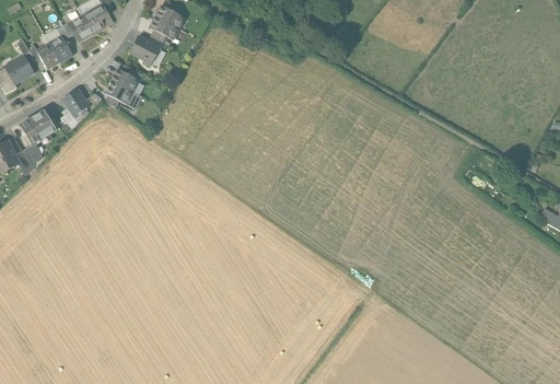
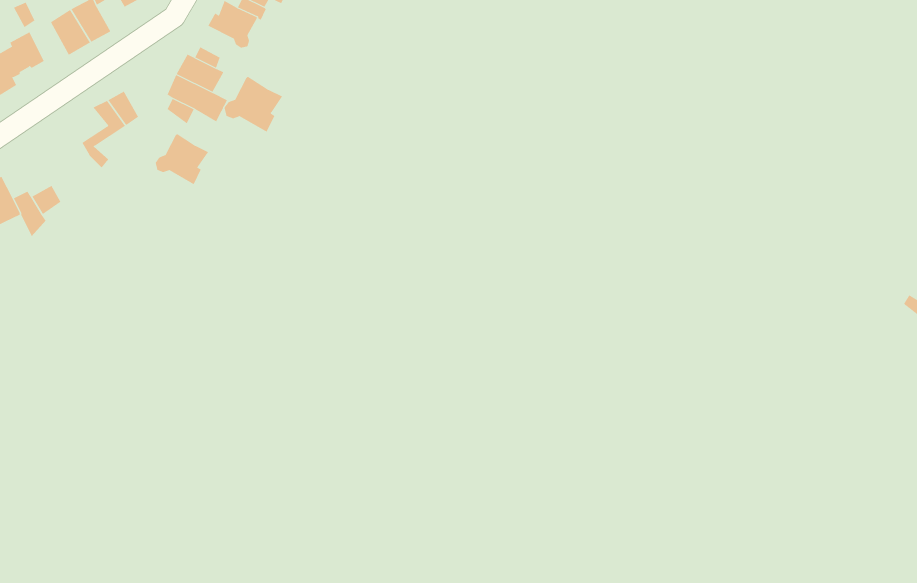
building: none -> [224,76,283,133]
building: [24,109,56,142] -> none
building: none -> [155,133,209,185]

